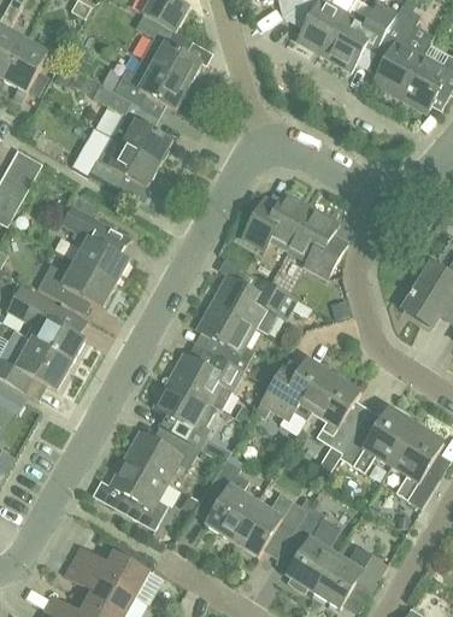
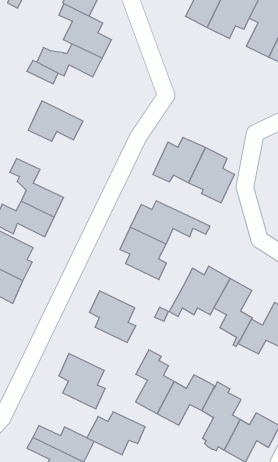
building: [108,116,172,164] -> none
building: [167,347,243,404] -> none
building: [124,425,199,481] -> [87,412,145,455]

